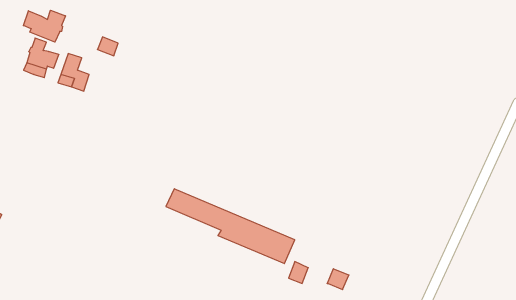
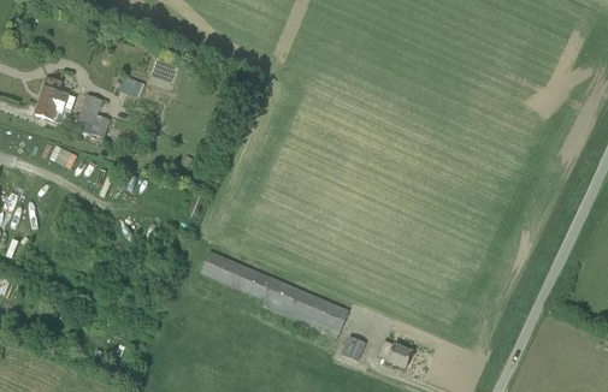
building: [23,10,65,42] -> none

